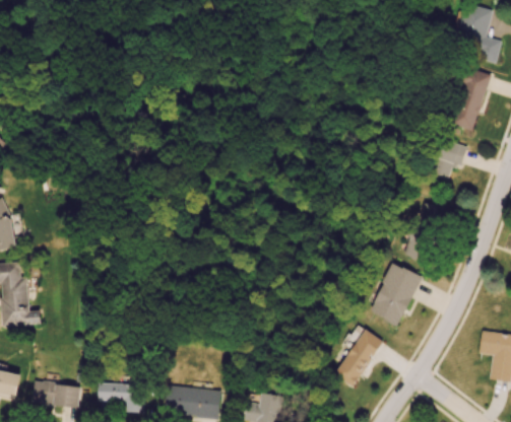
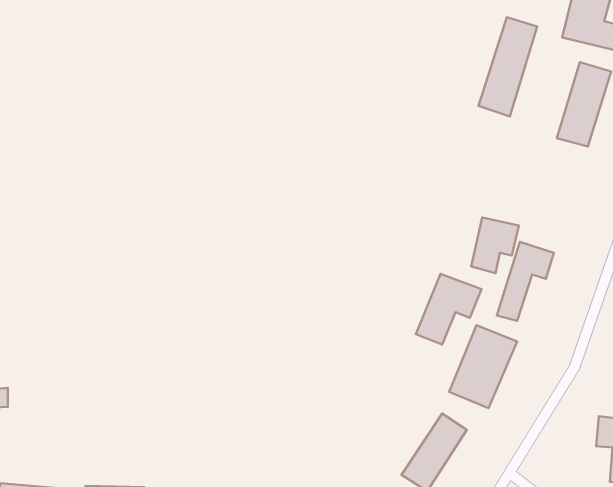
building: none -> [479,17,537,116]
building: [431,139,466,181] -> [471,217,519,273]
building: none -> [416,274,481,345]

